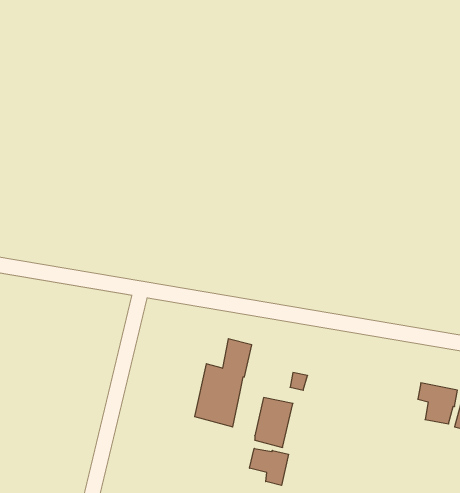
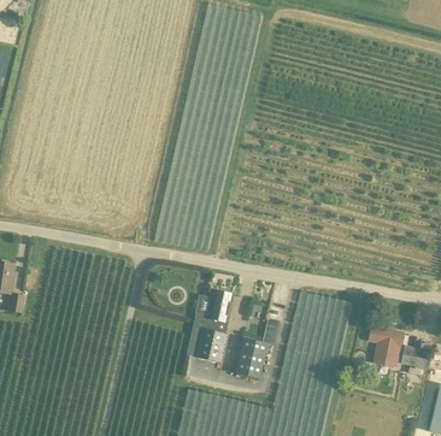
building: [250,448,288,485] -> none

